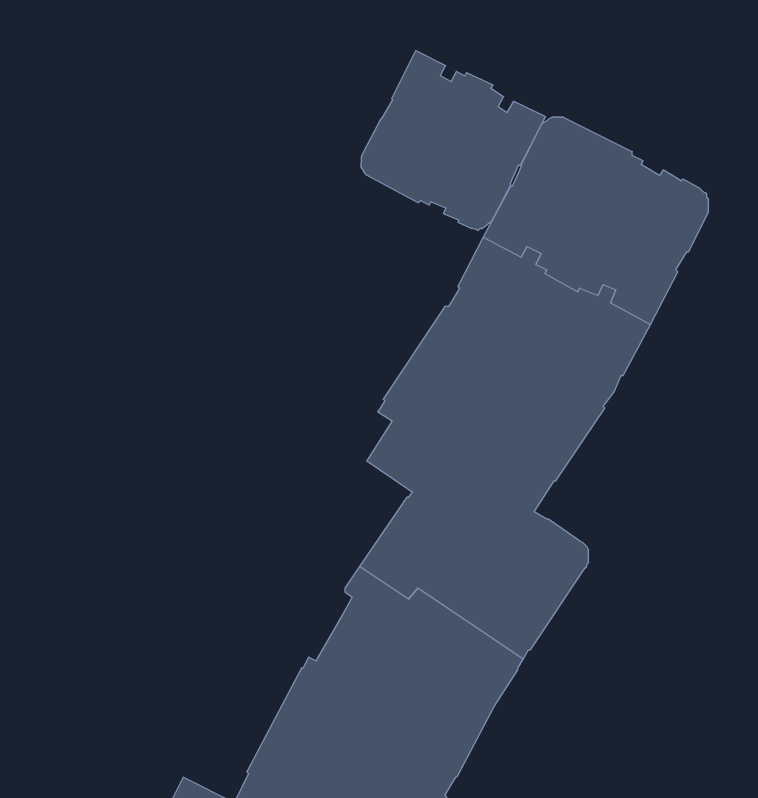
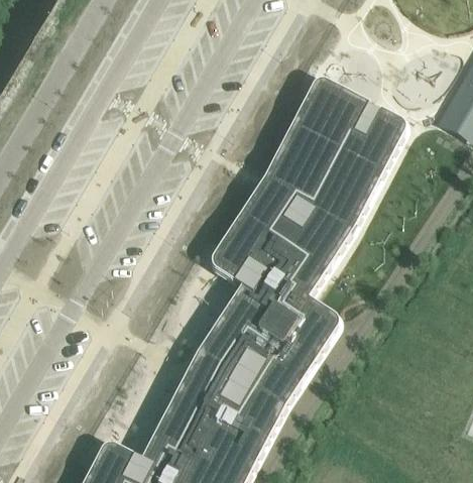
building: [361,51,545,231] -> none

